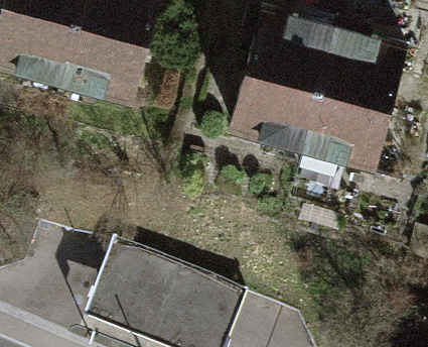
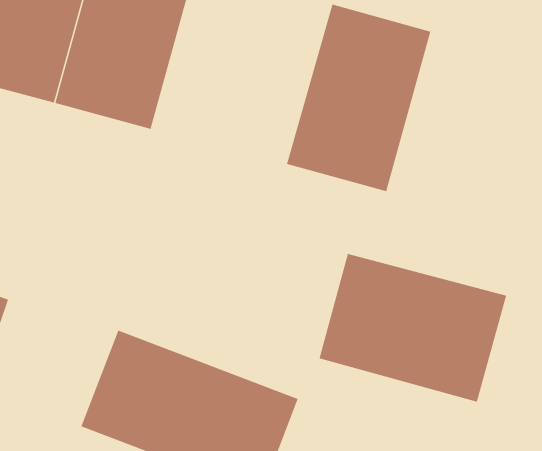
building: [303,29,409,167] -> none
building: none -> [319,253,507,402]

